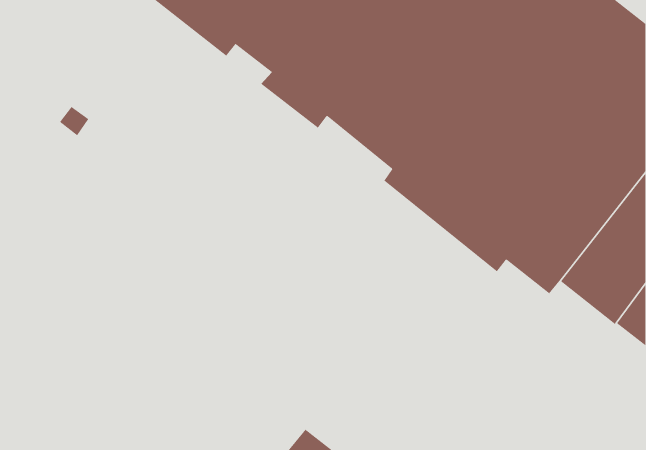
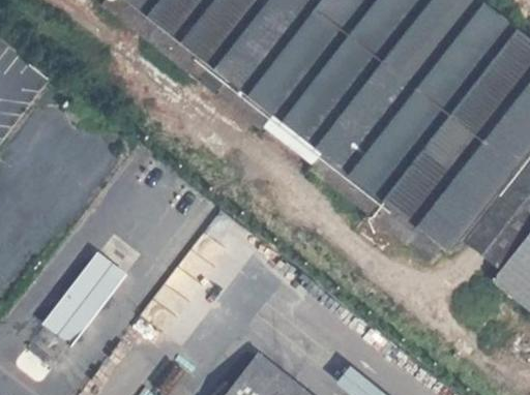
building: none -> [43,253,126,346]

